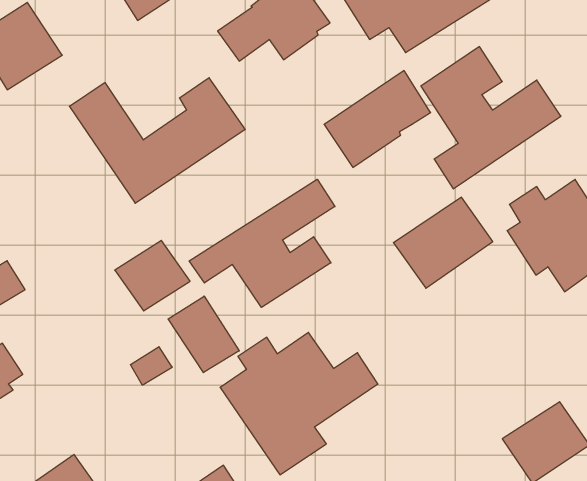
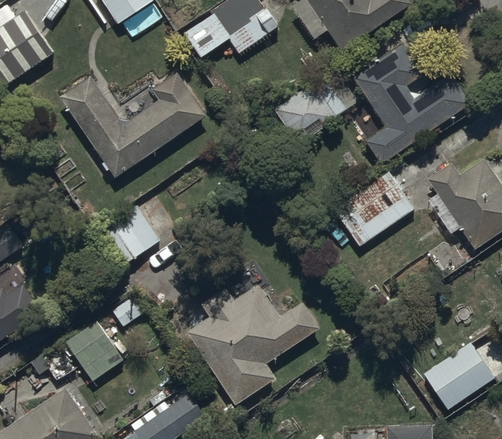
building: [189,179,335,307] -> none
building: [168,296,239,373] -> none
building: none -> [64,319,123,381]

